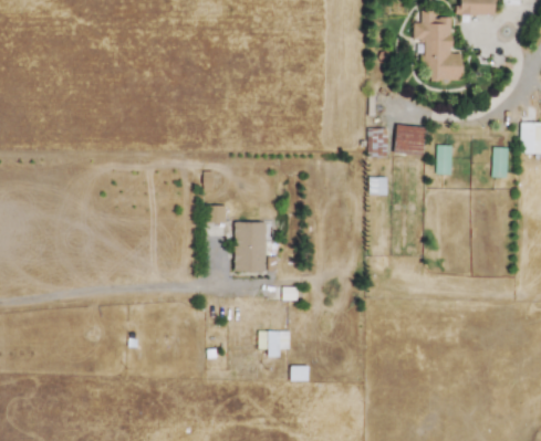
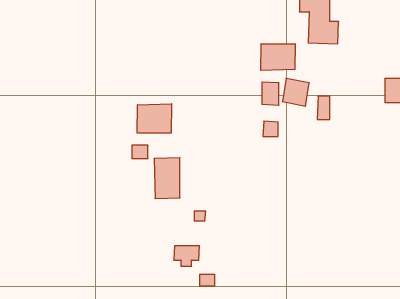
building: none -> [261,44,295,70]
building: [492,146,509,177] -> none
building: none -> [137,104,172,133]

